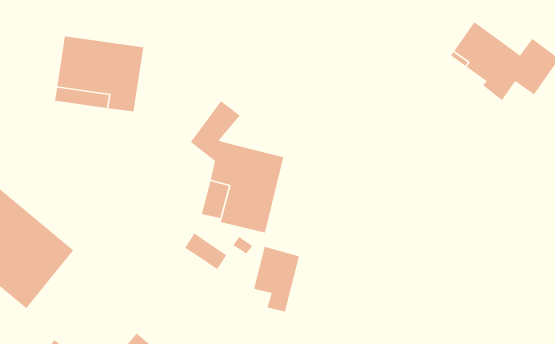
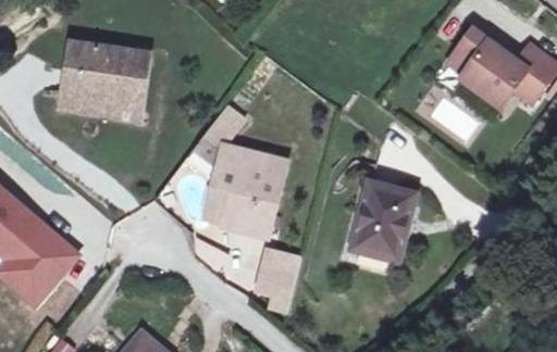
building: none -> [352,183,414,259]

